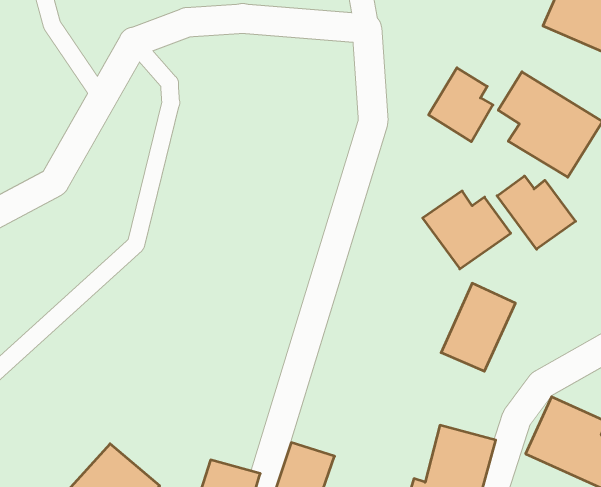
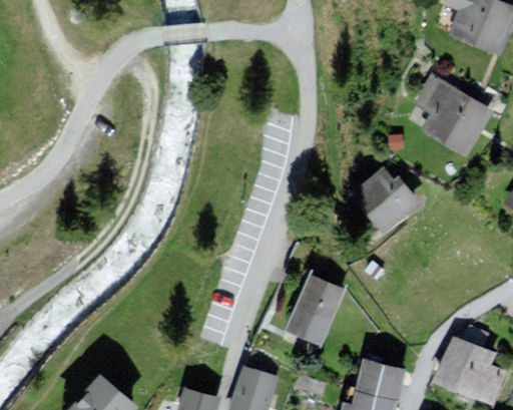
building: [429,68,493,142] -> none
building: [497,176,576,249] -> none
building: [441,283,515,371] -> [285,276,345,347]

